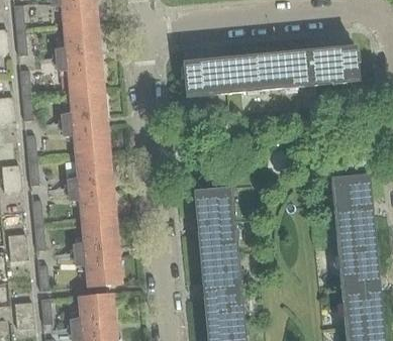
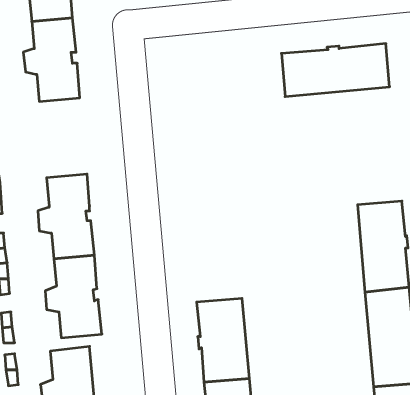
building: [185,52,273,96] -> none
building: [64,89,110,154] -> none
building: [194,186,237,256] -> none

